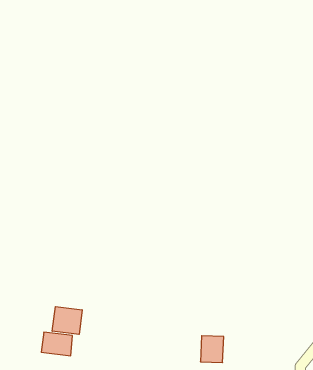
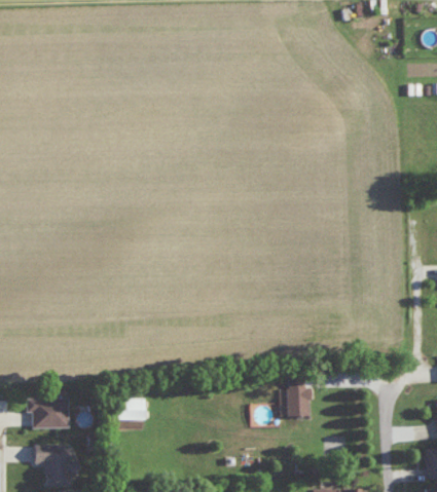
building: [52,307,82,334] -> none

